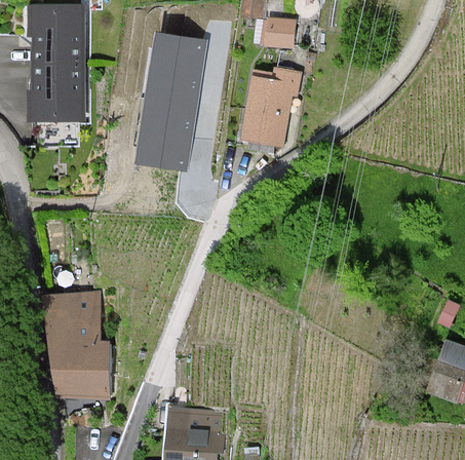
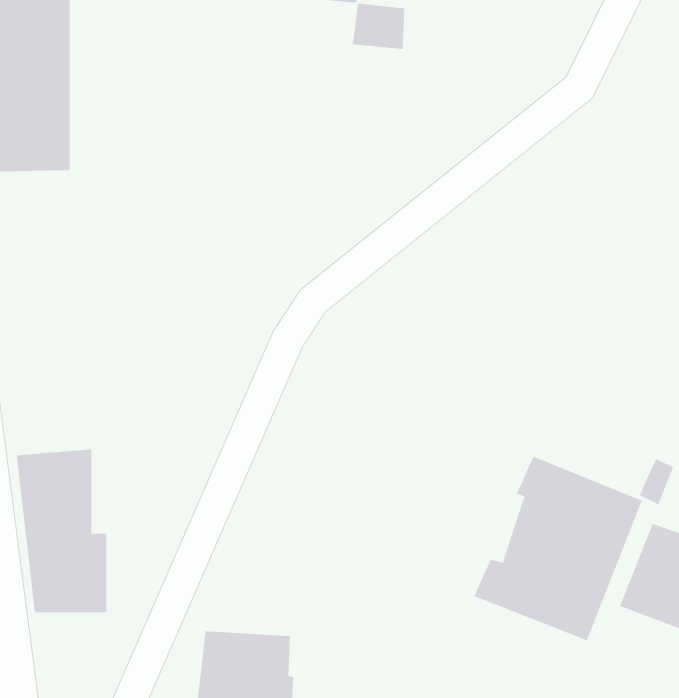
building: [142,39,201,165] -> none
building: [240,67,302,147] -> none
building: none -> [473,456,642,641]

